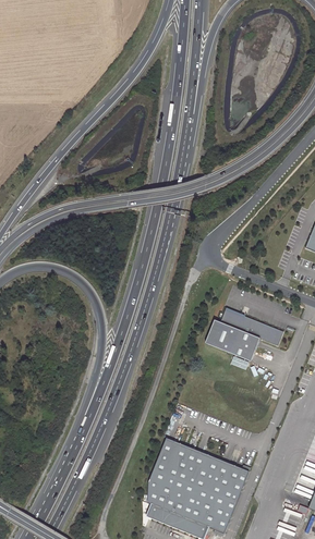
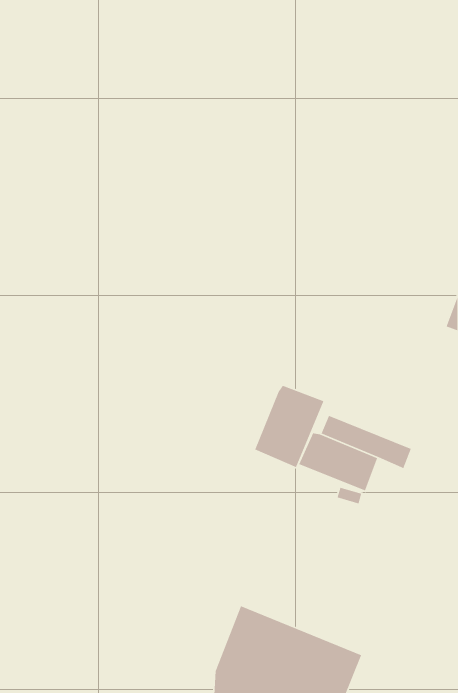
building: none -> [254,385,325,468]

